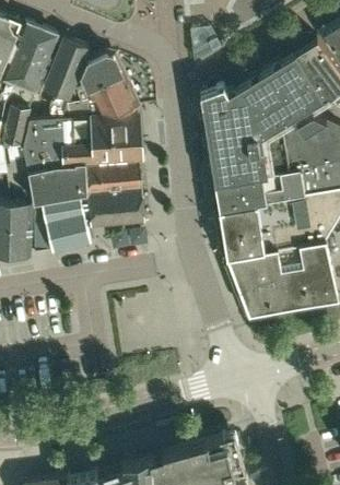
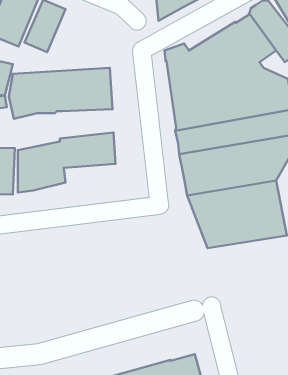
building: [69,54,140,116] -> none
building: [28,164,143,208] -> none

